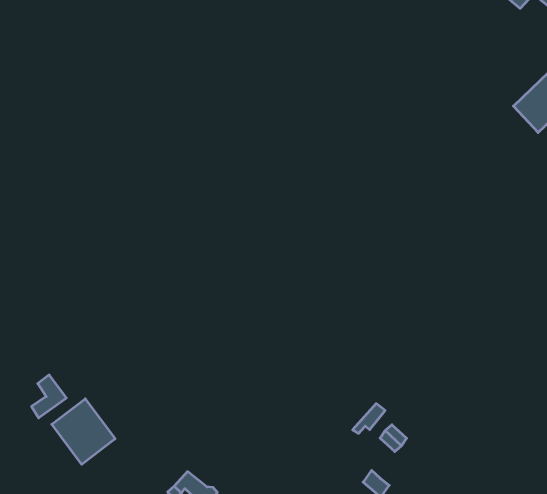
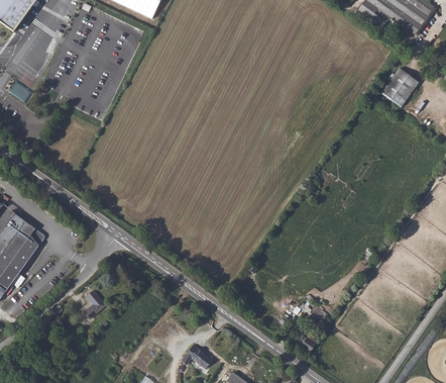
building: [52,399,115,464] -> none

